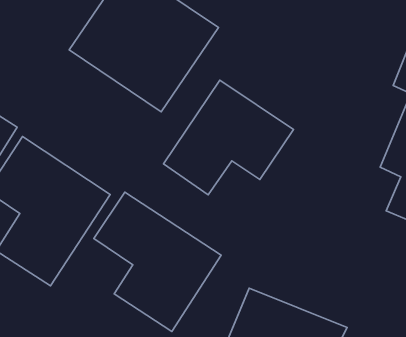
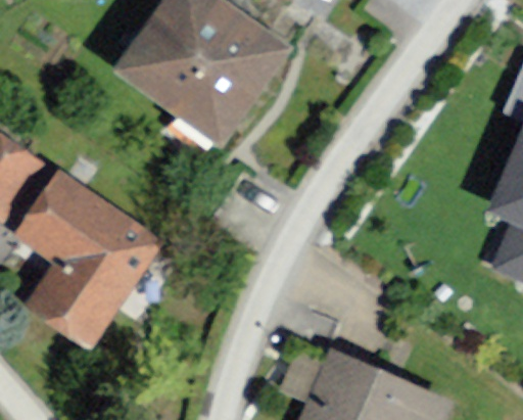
building: [163,80,294,195] -> none
building: [94,192,221,331] -> none

